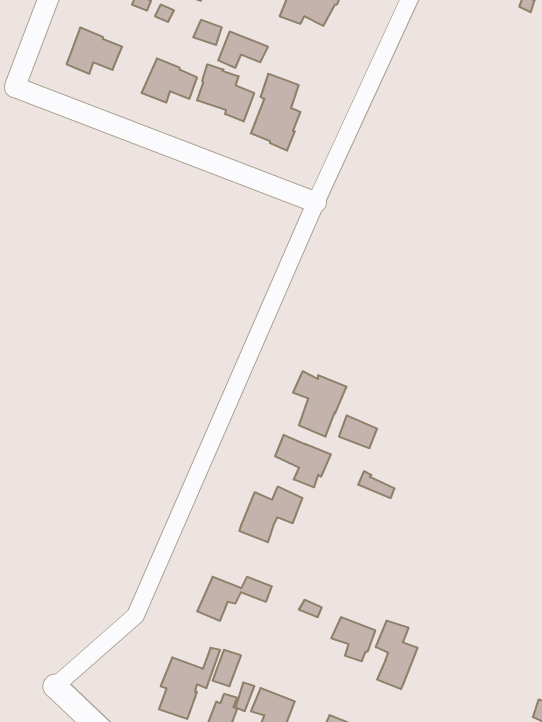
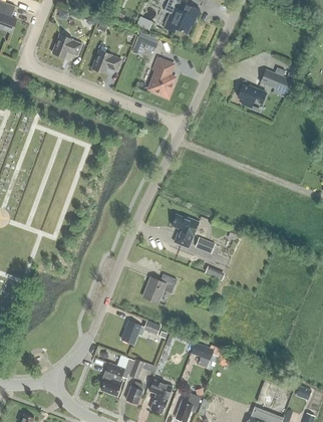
building: [197,64,254,122] -> none
building: none -> [260,68,292,92]
building: none -> [237,84,266,107]
building: [275,435,331,487] -> none
building: [376,620,417,689] -> none

